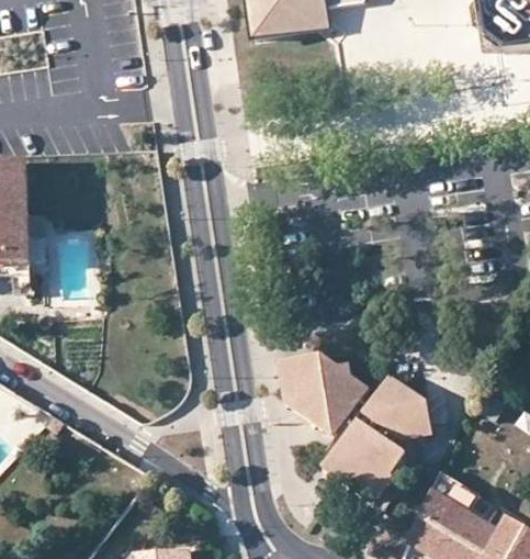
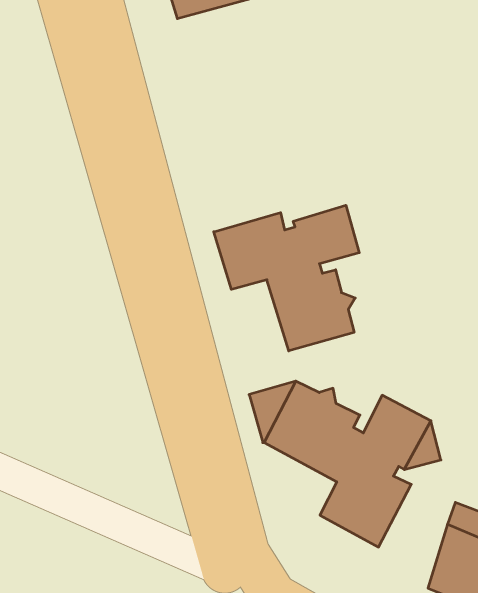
building: none -> [214,205,359,351]

